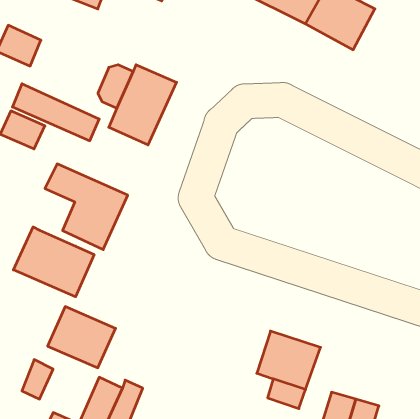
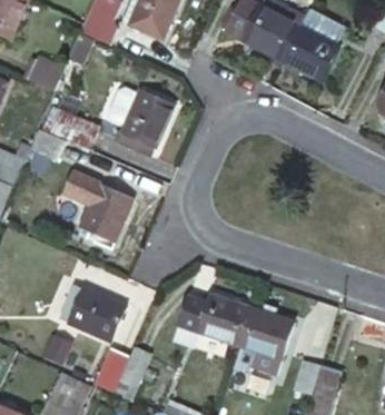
building: [13,227,94,297] -> none
building: none -> [178,294,250,343]

